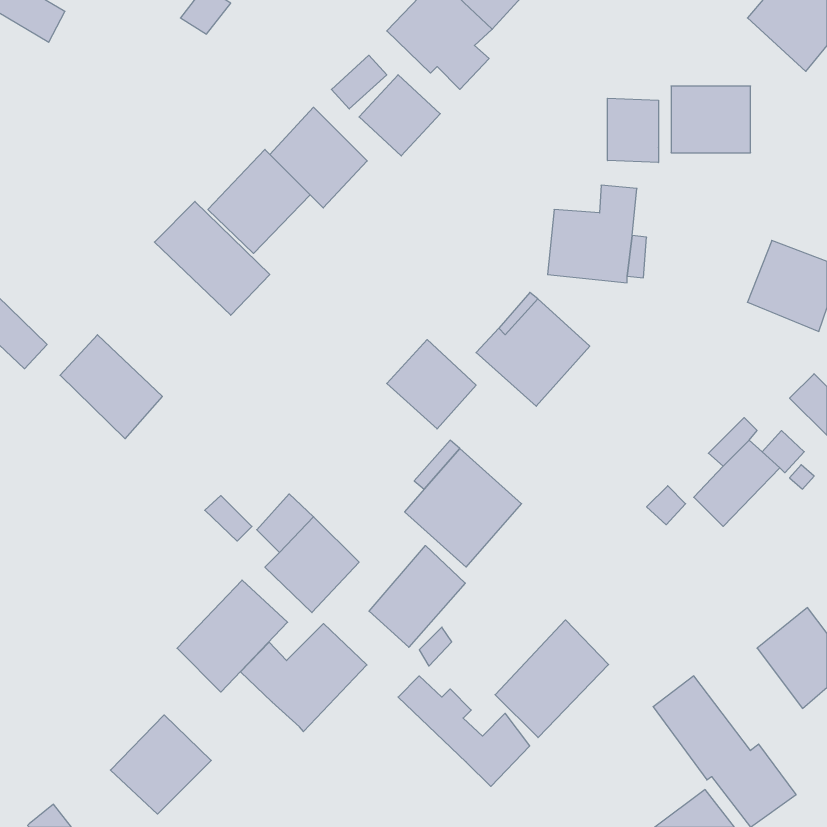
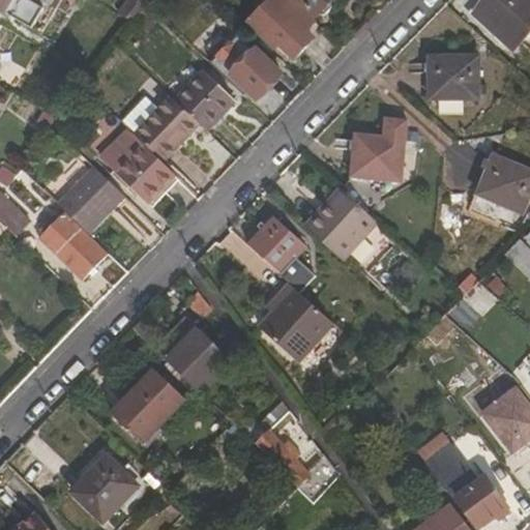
building: [608,98,658,163] -> none
building: none -> [55,165,123,234]
building: [369,546,465,647] -> none
building: [495,620,609,738] -> none
building: [240,624,367,732] -> none

